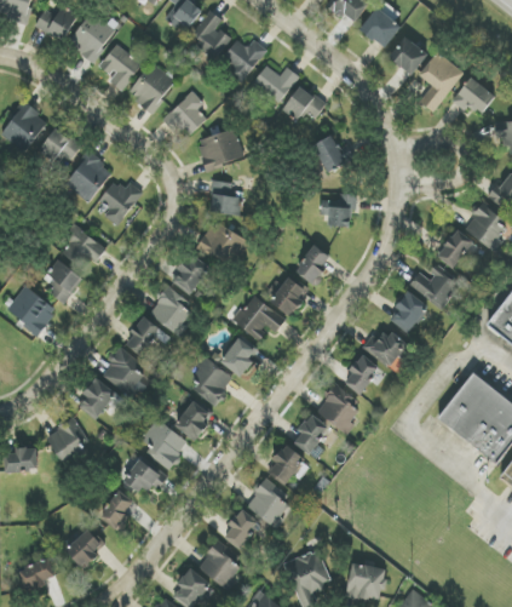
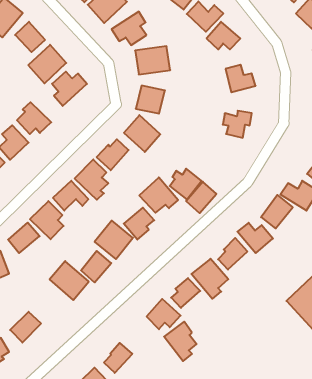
building: [295,245,332,285] -> [186,182,216,213]
building: [123,459,165,493] -> none
building: [246,480,288,529] -> [164,322,197,361]

